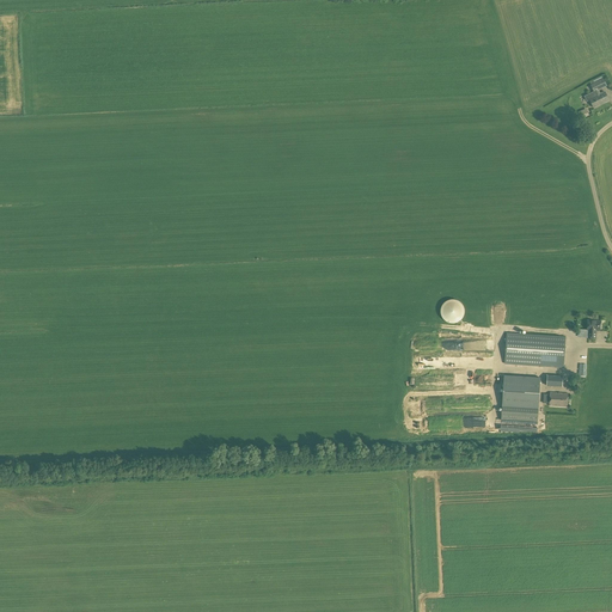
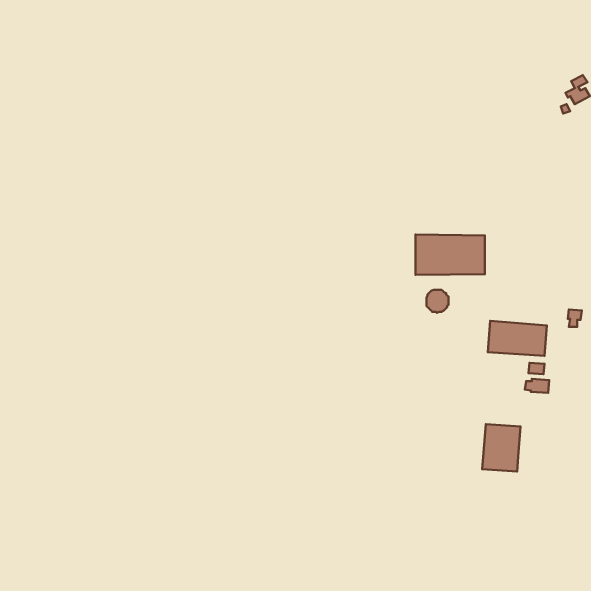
building: none -> [416,234,485,275]
building: [500,374,539,423] -> [482,424,520,472]

